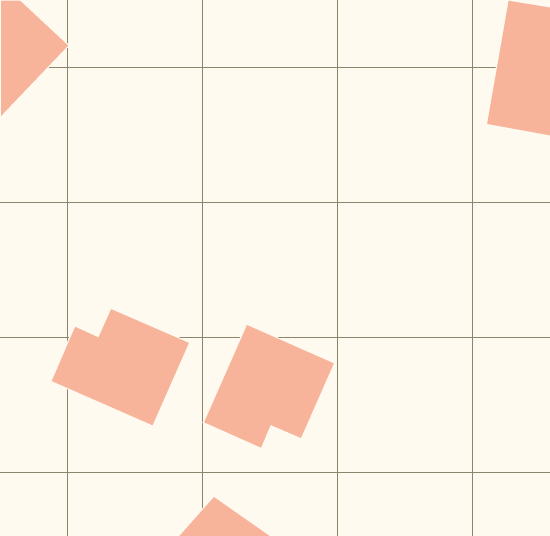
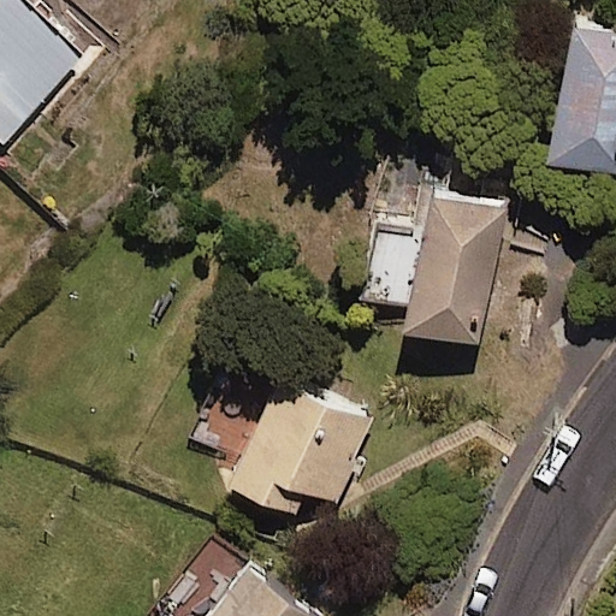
building: none -> [401,189,507,342]
building: [51,308,190,426] -> none

